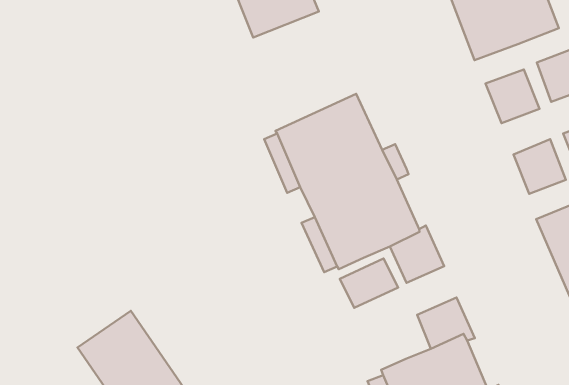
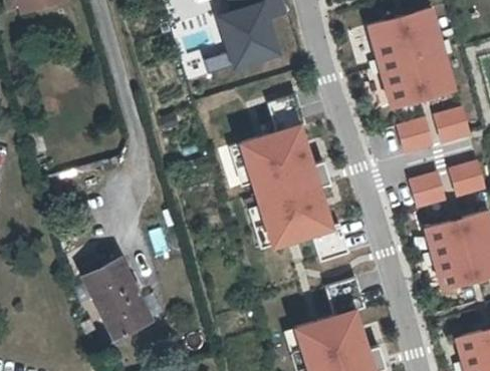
building: [340,259,398,308] -> none

